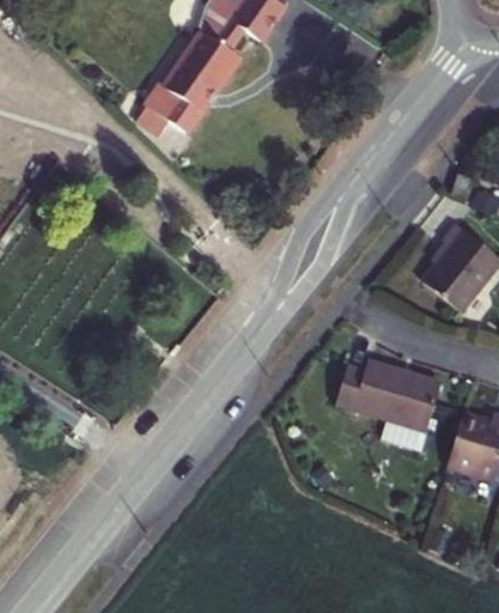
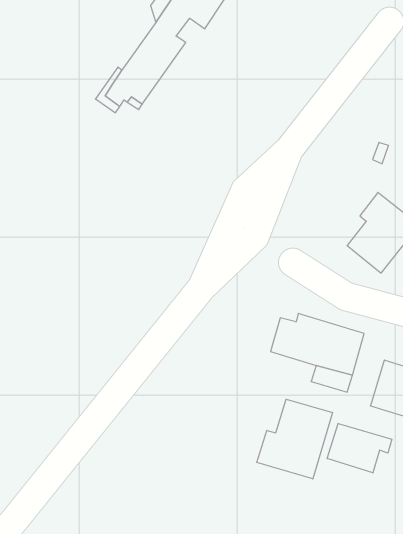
building: none -> [257,399,332,479]
building: none -> [327,423,392,473]

